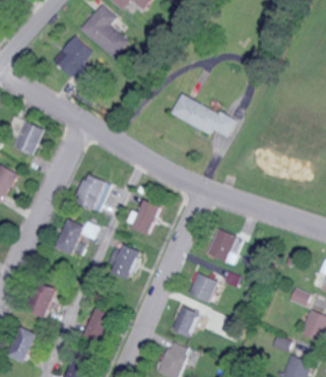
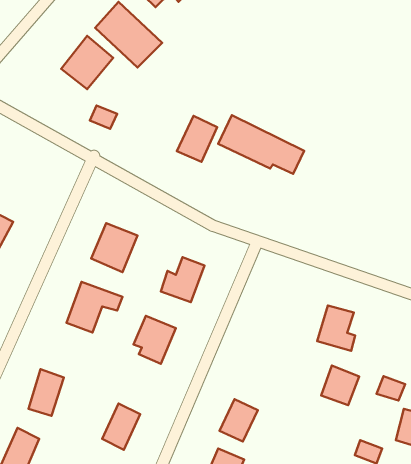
building: none -> [177,116,217,162]
building: [14,121,44,154] -> none
building: [207,230,236,263] -> [317,306,355,351]
building: [189,272,217,302] -> [321,366,359,405]

